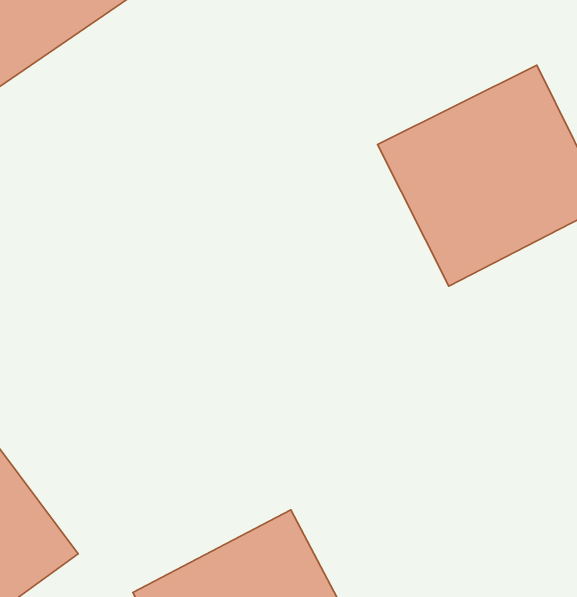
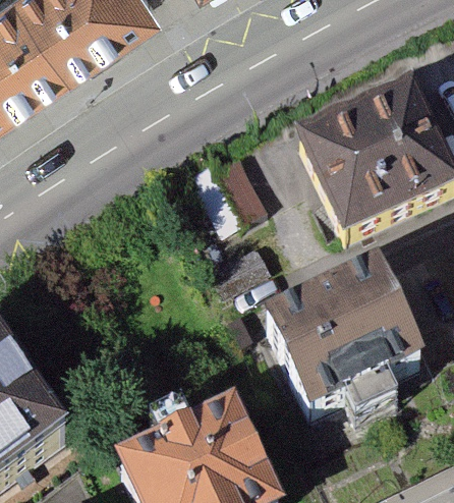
building: none -> [265,262,428,416]

